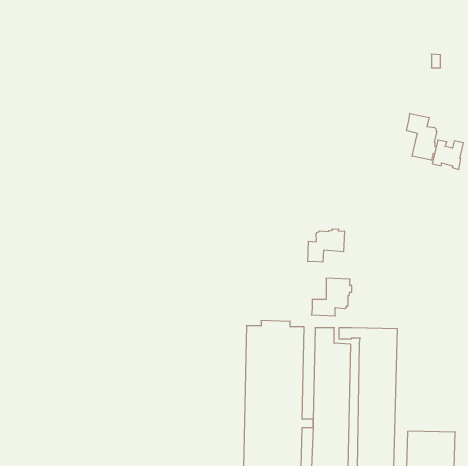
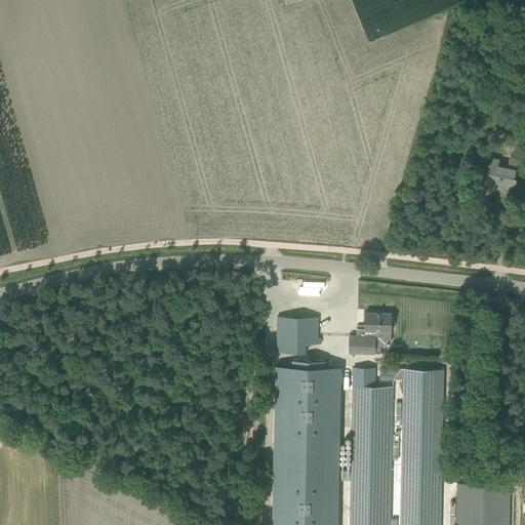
building: [406,113,437,160] -> none
building: [308,229,344,262] -> none
building: none -> [277,318,318,354]

